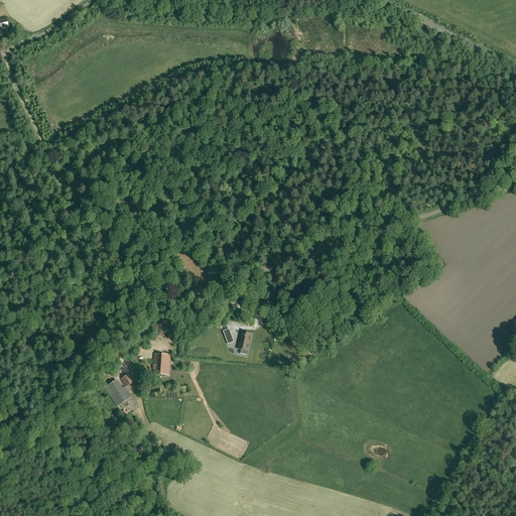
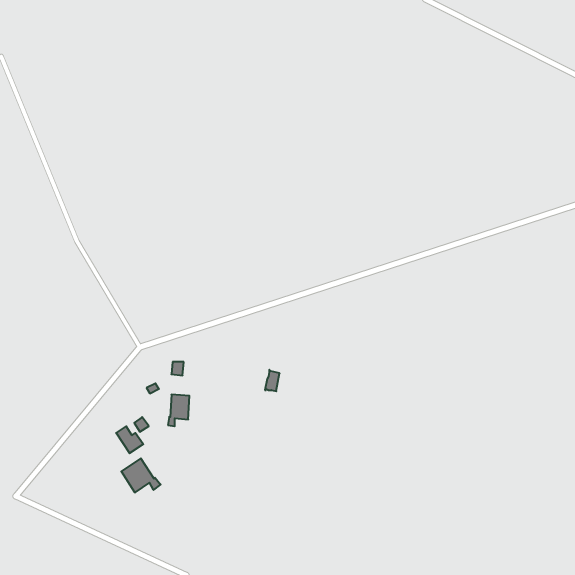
building: none -> [121,458,161,493]

